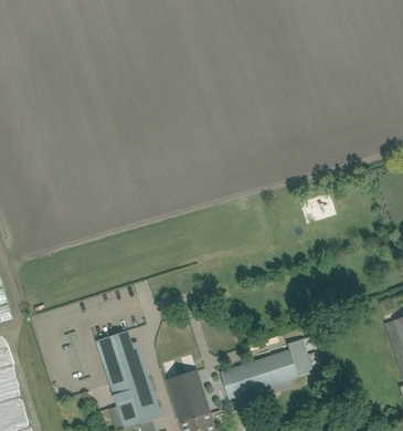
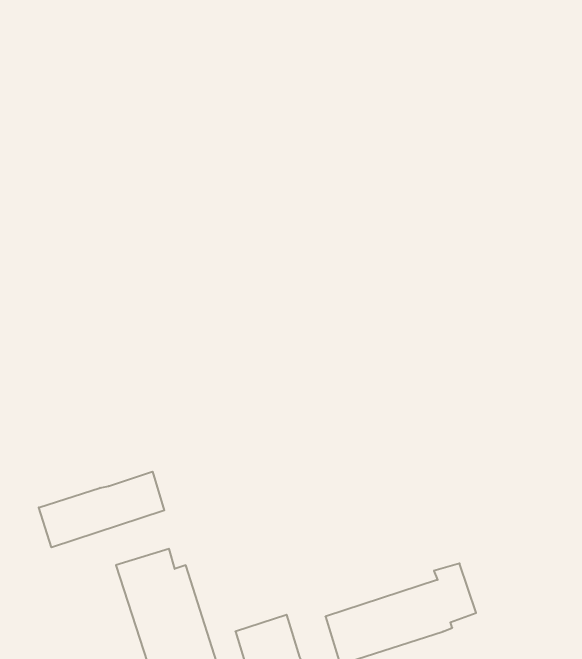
building: none -> [39,472,164,547]

